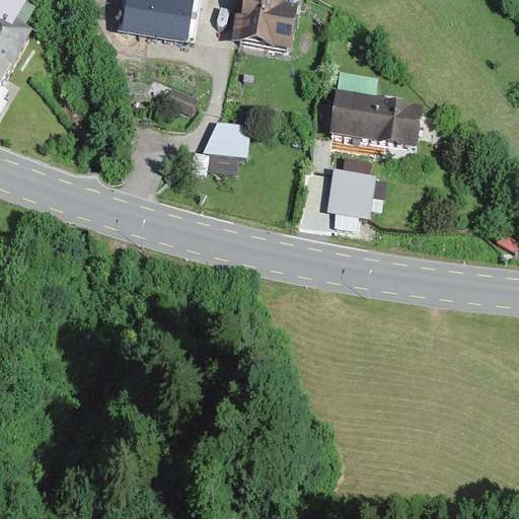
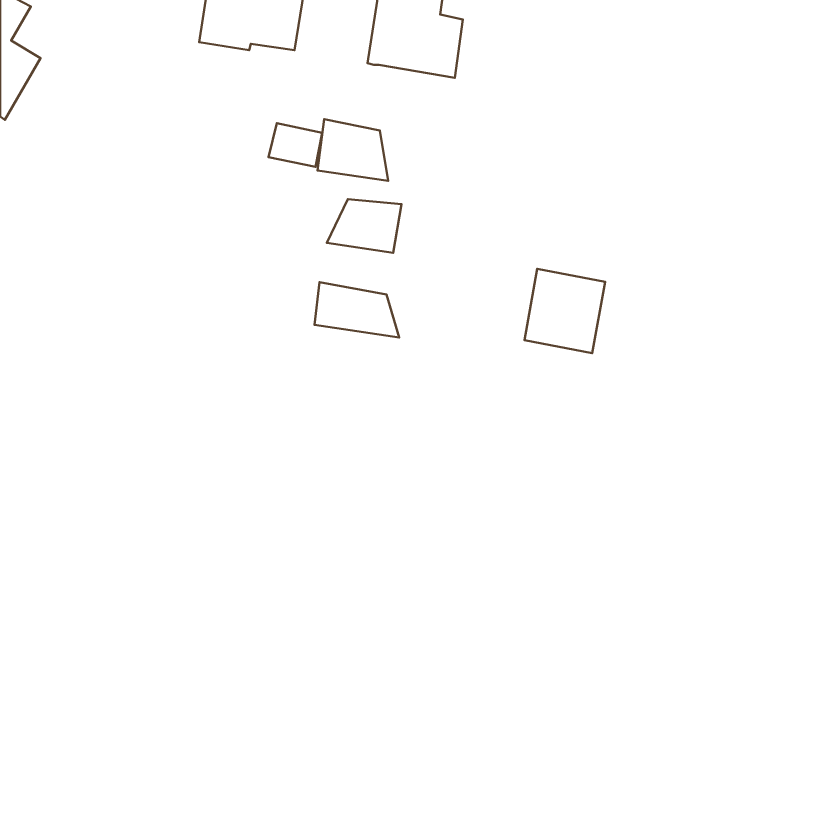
building: none -> [318,119,388,181]
building: [328,75,418,146] -> none
building: none -> [314,282,399,337]

